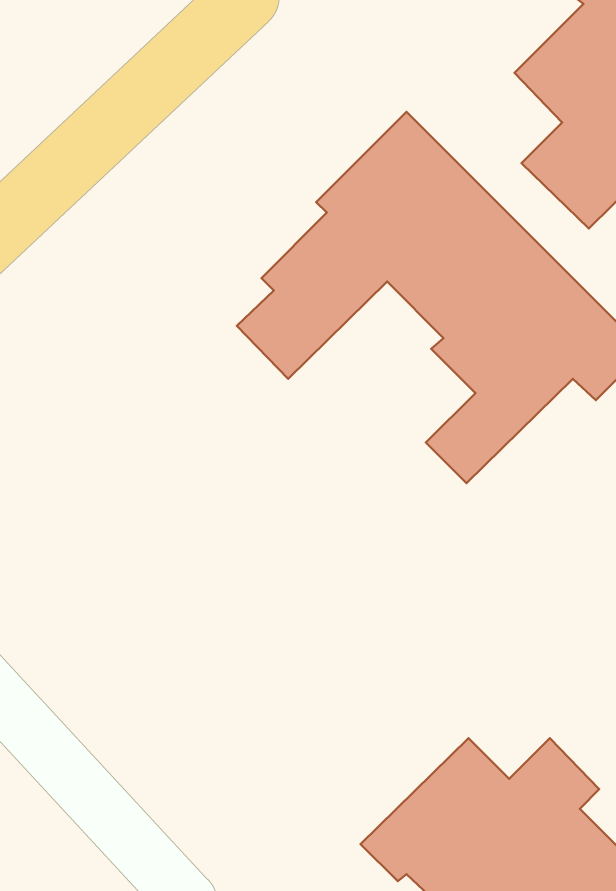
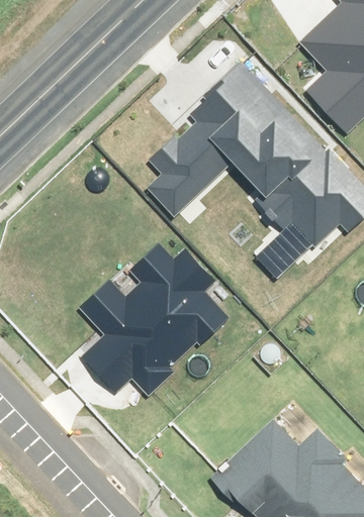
building: none -> [78,245,232,394]

